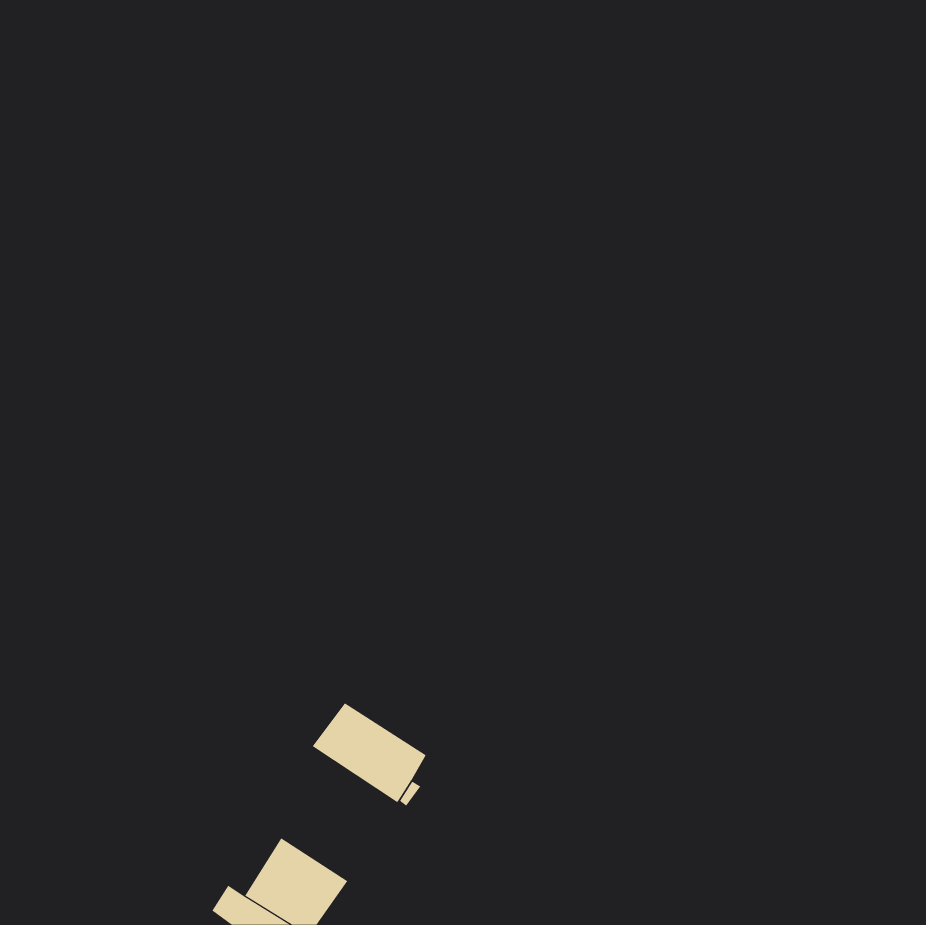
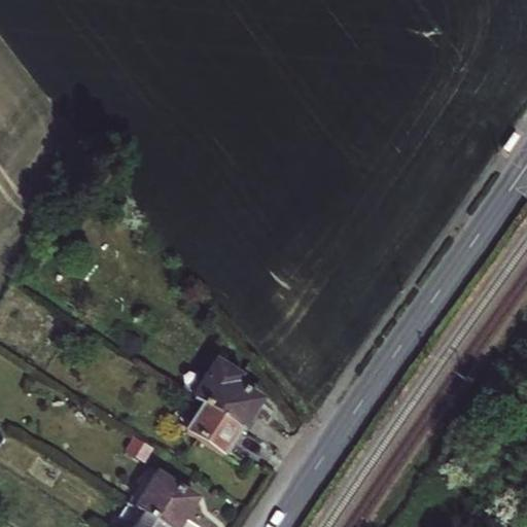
building: none -> [198,359,264,426]

